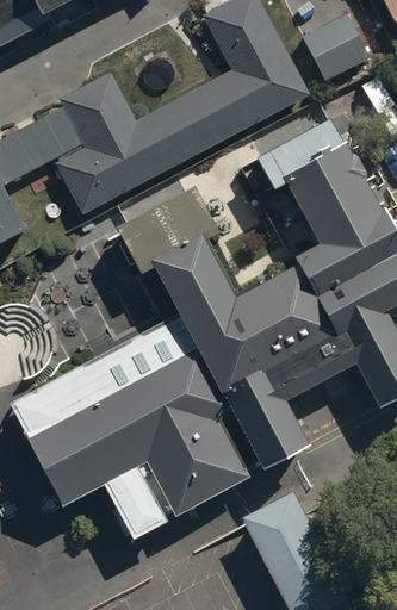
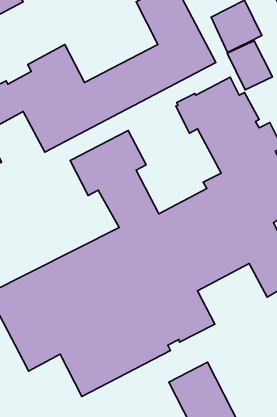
building: none -> [227,41,272,90]

